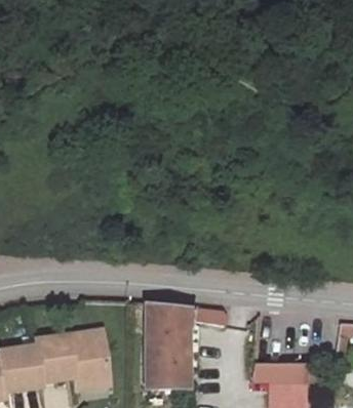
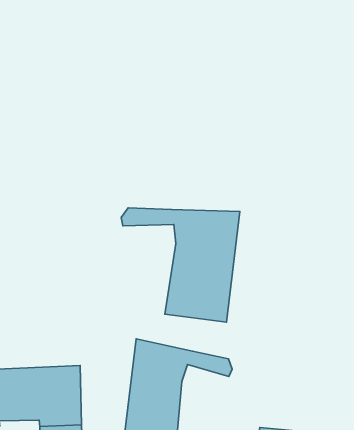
building: none -> [121,208,240,322]

